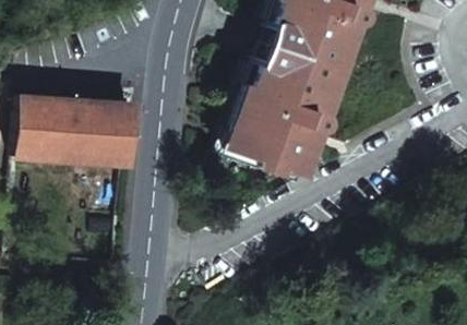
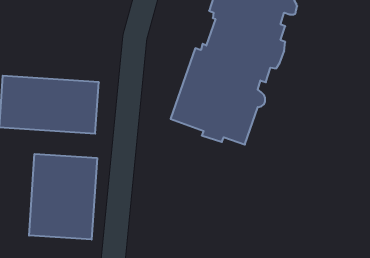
building: none -> [29,154,97,240]

